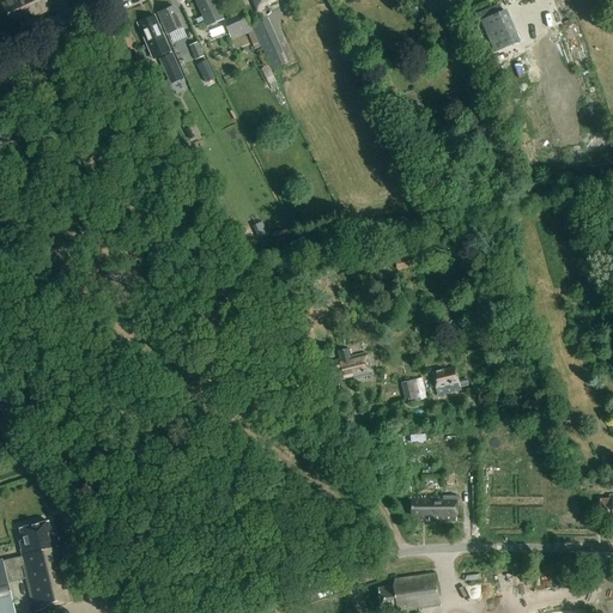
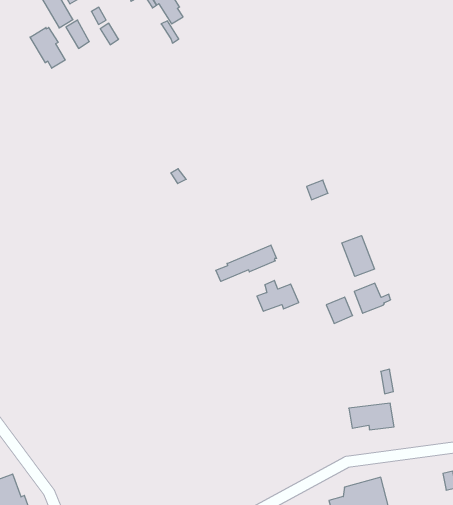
building: none -> [30,27,65,68]
building: none -> [216,245,277,281]
building: none -> [342,236,375,276]

